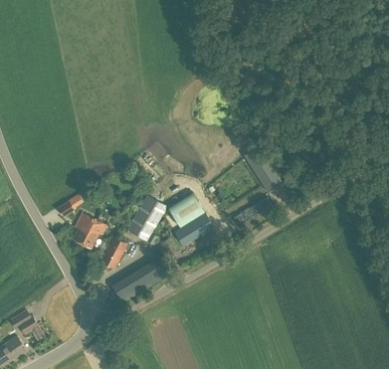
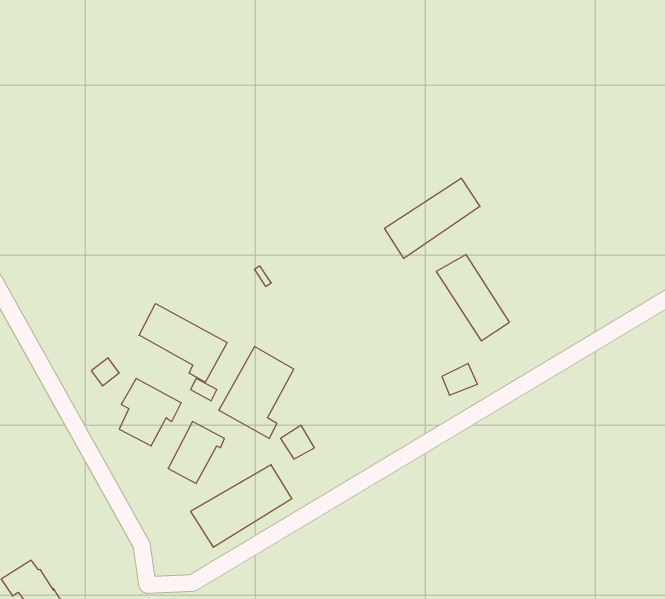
building: none -> [385,178,480,259]
building: none -> [139,304,227,382]
building: [165,199,214,246] -> none

